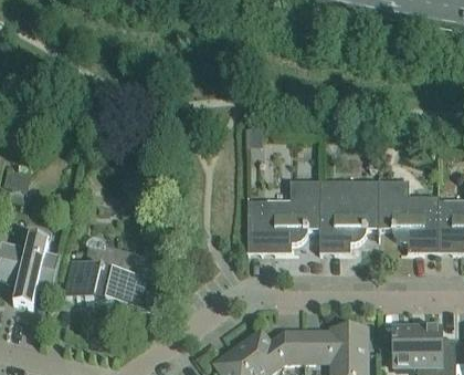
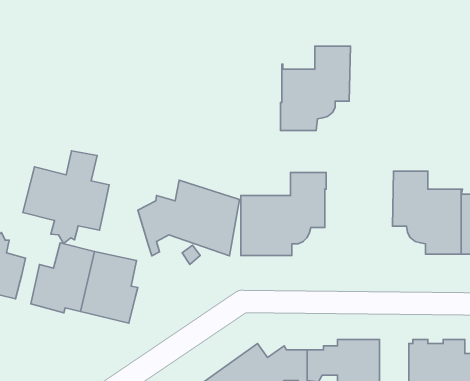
building: none -> [23,151,109,244]
building: [319,180,380,253] -> [280,46,350,130]
building: none -> [138,180,240,256]

